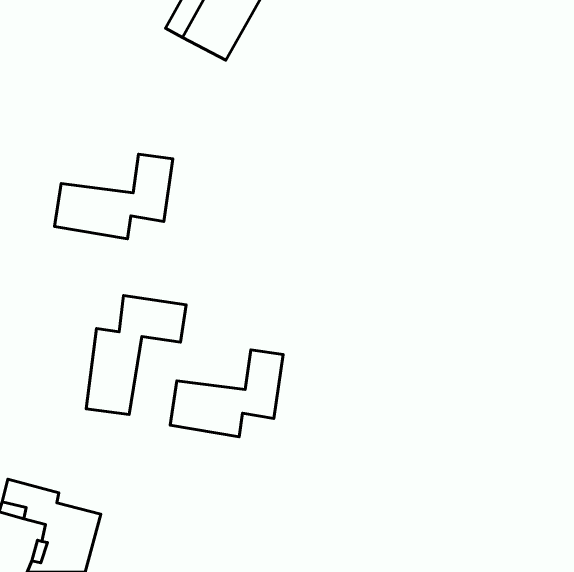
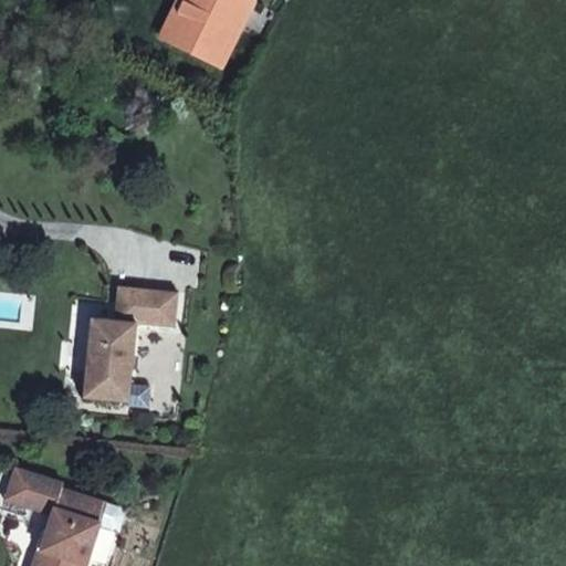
building: [54,154,173,239] -> none
building: [170,350,283,437] -> none

